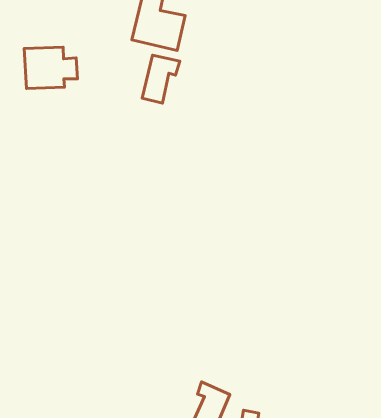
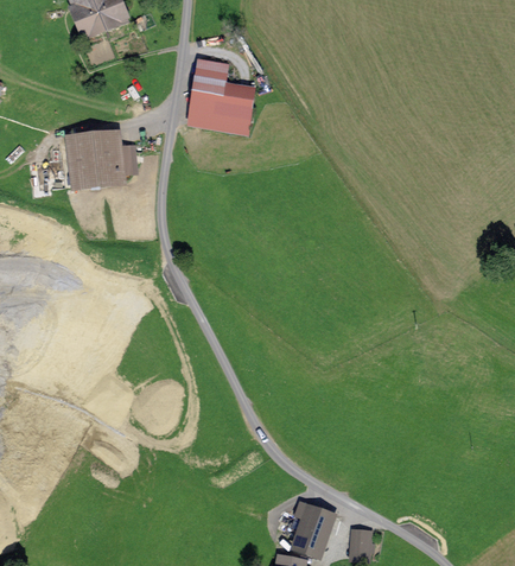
building: [142,55,180,103] -> none

